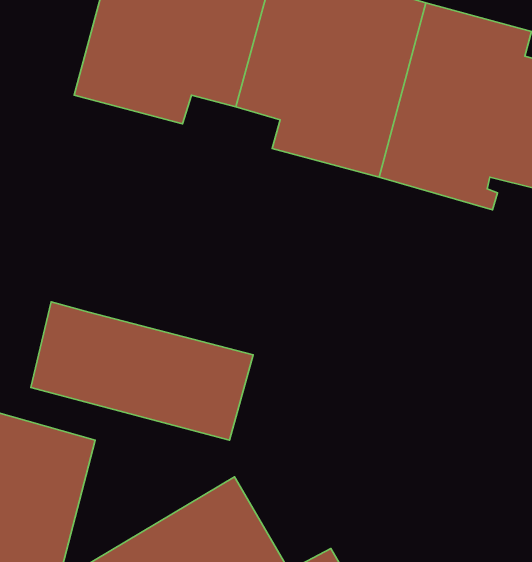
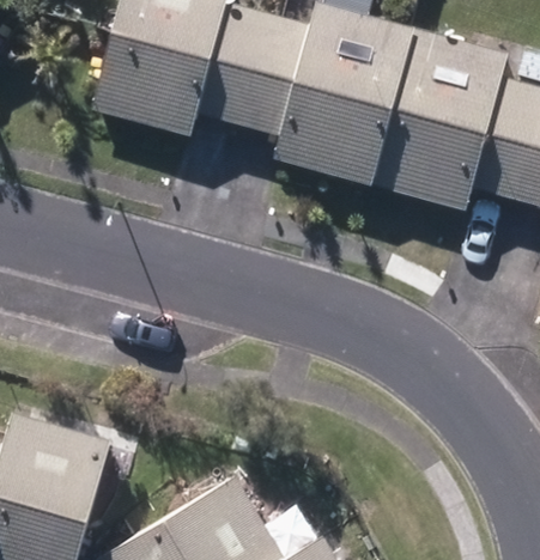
building: [31,302,253,440] -> none

